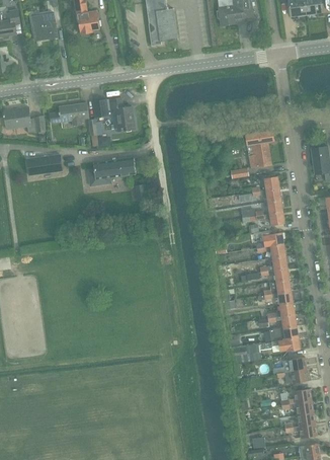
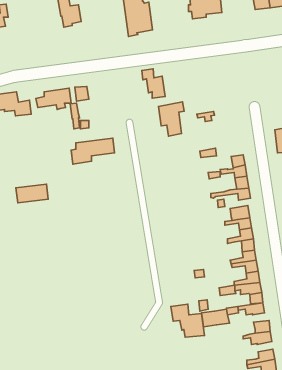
building: [31,13,57,42] -> none
building: [109,98,135,131] -> [142,69,165,98]
building: [245,130,273,167] -> [158,102,184,136]
building: [26,154,62,174] -> [16,184,48,203]
building: none -> [171,304,205,337]

